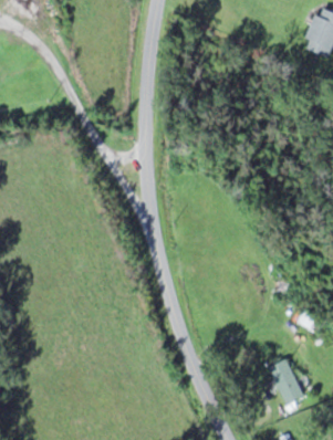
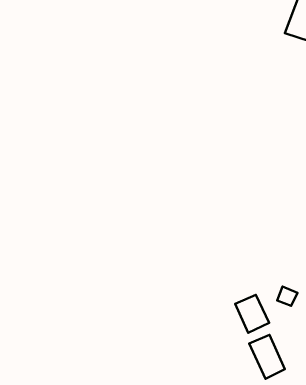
building: none -> [235,295,269,333]

